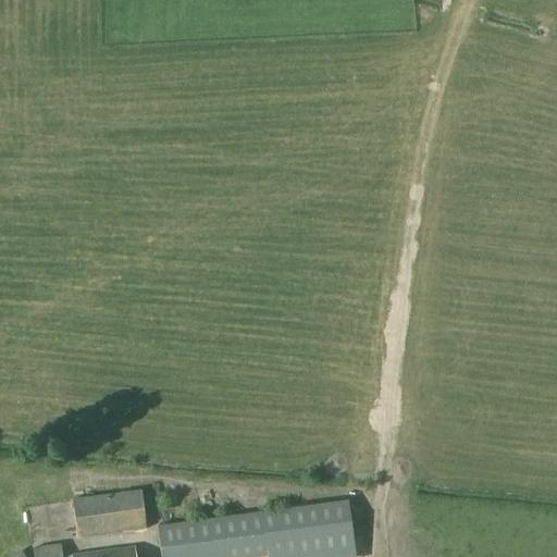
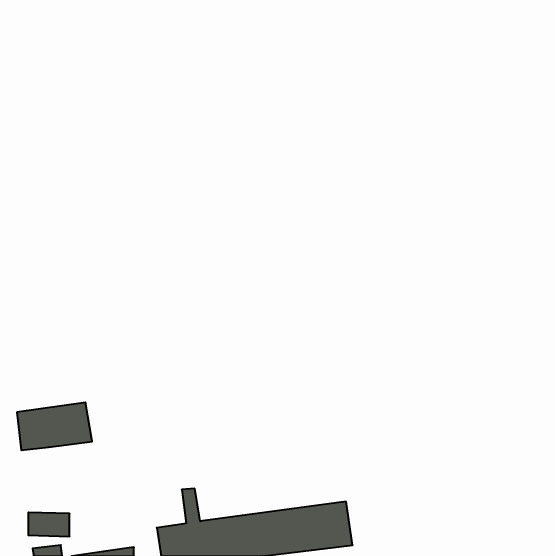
building: [73,491,148,539] -> [17,402,92,450]

